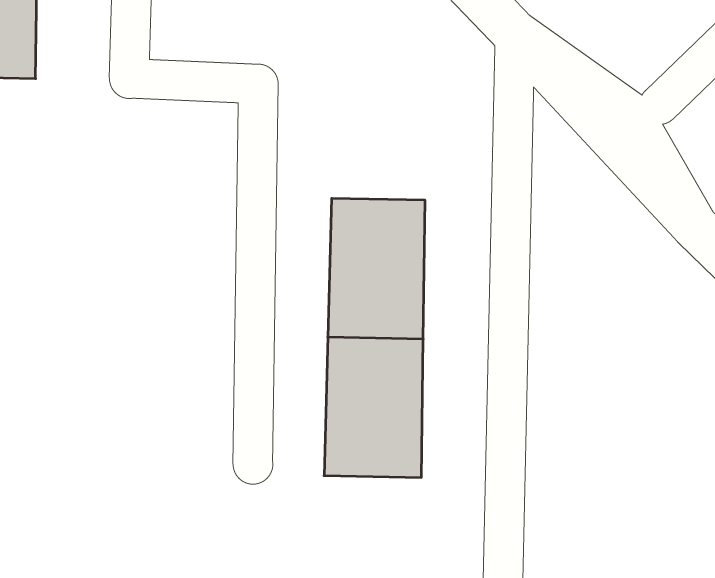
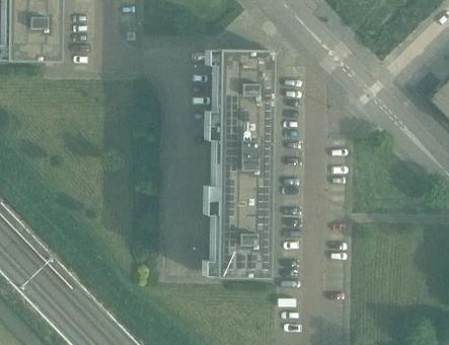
building: none -> [218,46,271,123]

